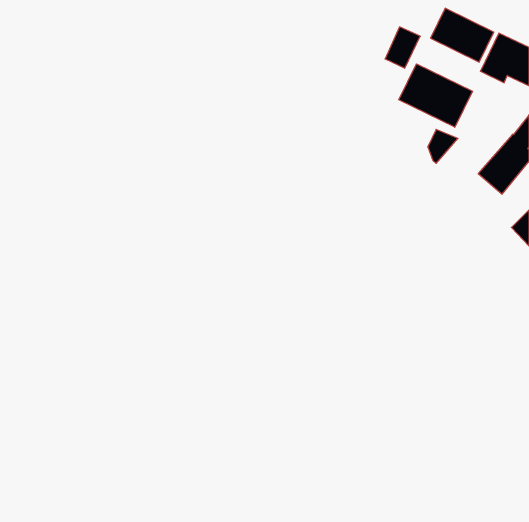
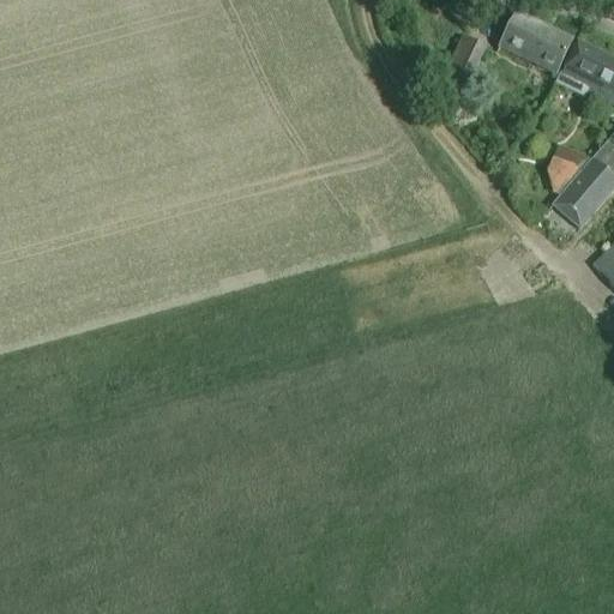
building: [399,64,473,127] -> none
building: [428,129,458,163] -> [553,148,588,187]

